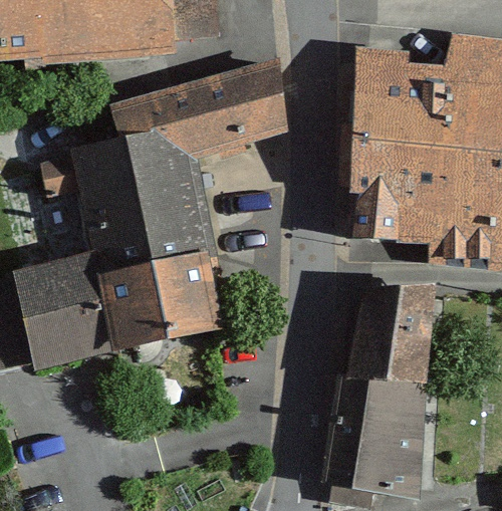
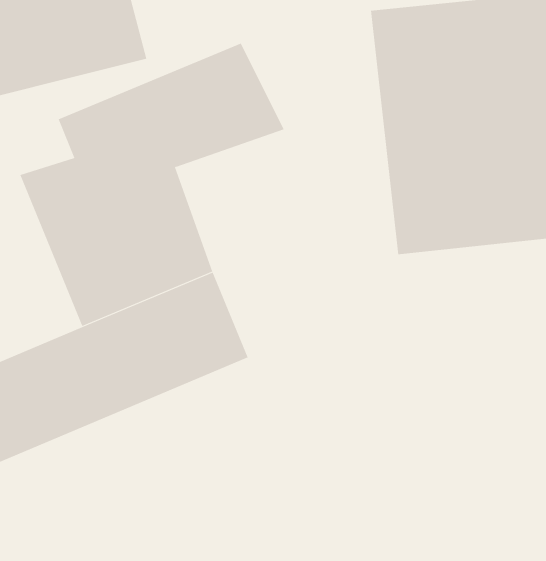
building: [340,276,437,494] -> none

